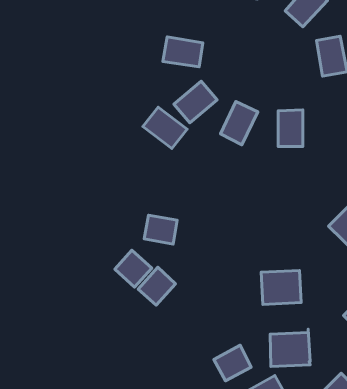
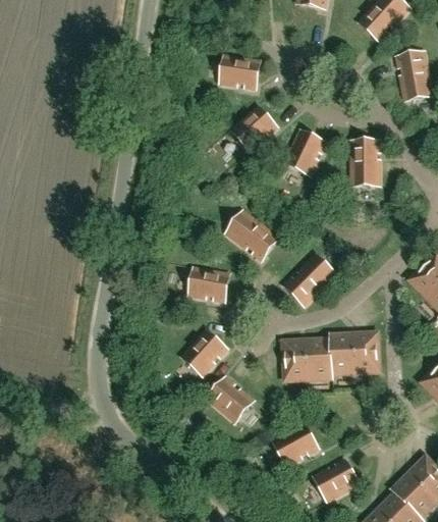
building: [143,107,187,149] -> [225,210,278,260]
building: none -> [283,254,335,305]
building: [115,250,152,287] -> none
building: none -> [207,376,253,422]
building: [270,329,310,367] -> [283,335,331,380]

